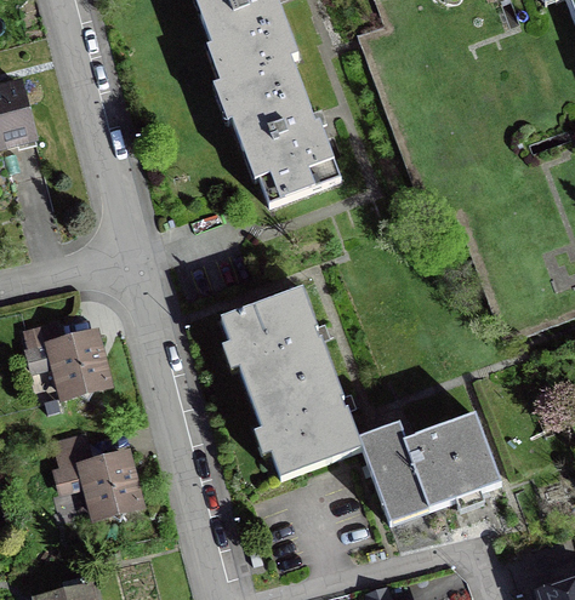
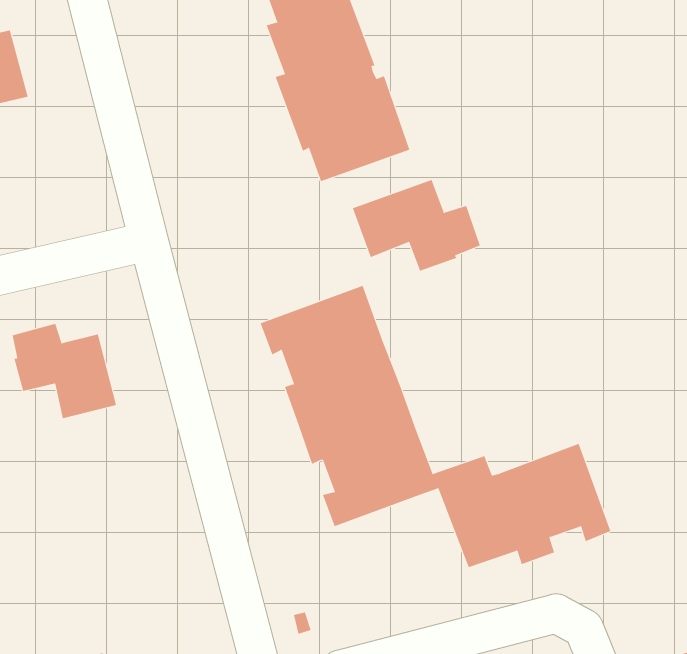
building: none -> [352,179,480,271]
building: [57,442,142,518] -> none

